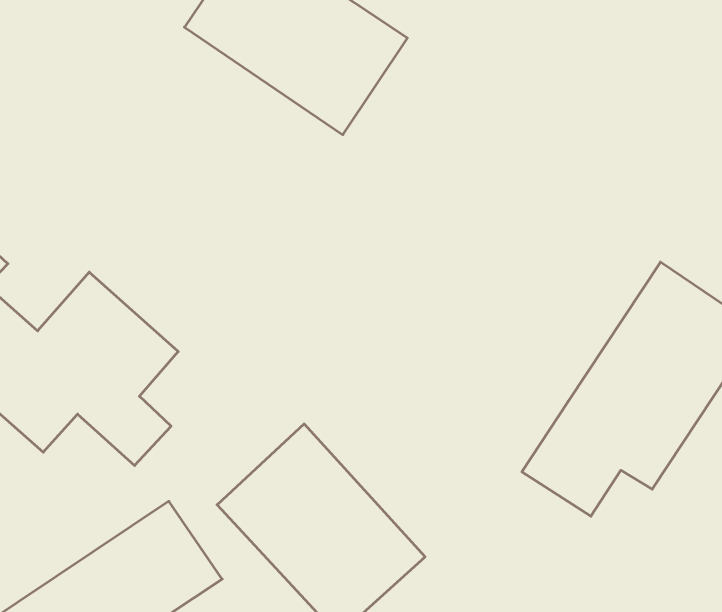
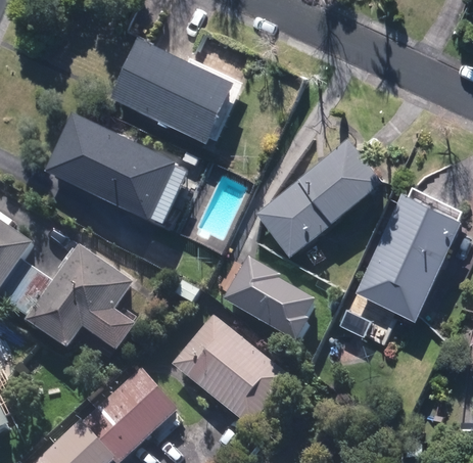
building: none -> [46,108,181,219]
building: none -> [254,138,384,257]
building: none -> [223,257,317,342]

